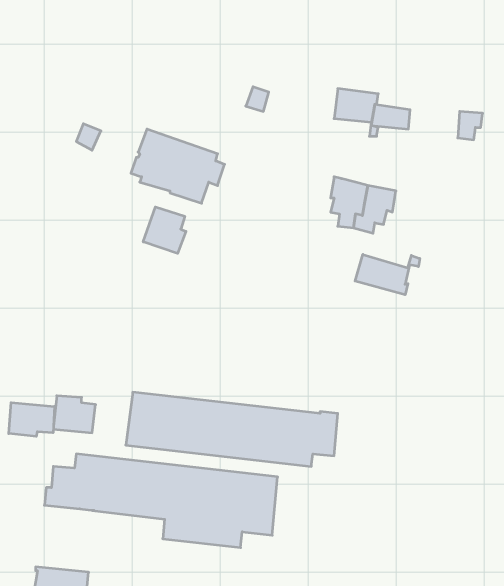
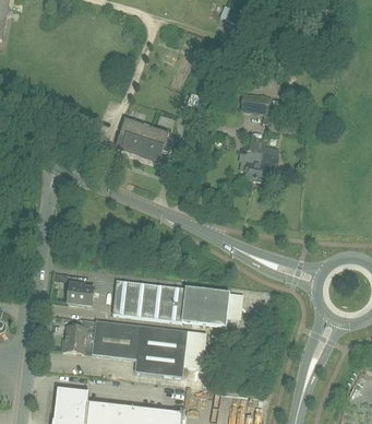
building: [143,207,186,253] -> none
building: [355,254,420,295] -> none
building: [9,403,54,436] -> none

